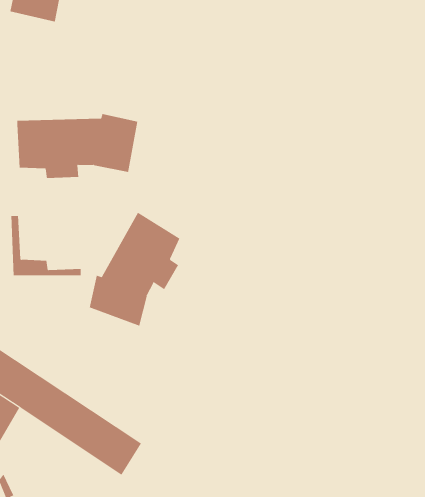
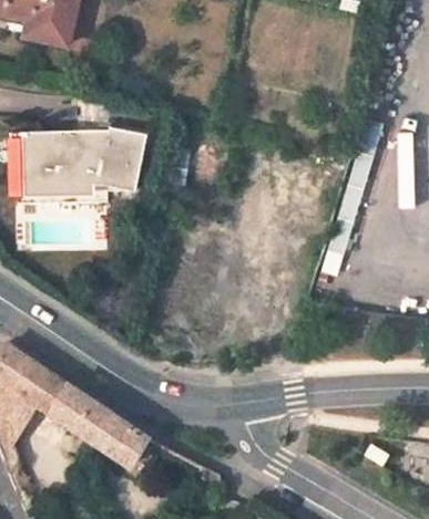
building: [89,212,180,327] -> none
building: [11,215,81,276] -> [23,138,90,195]

